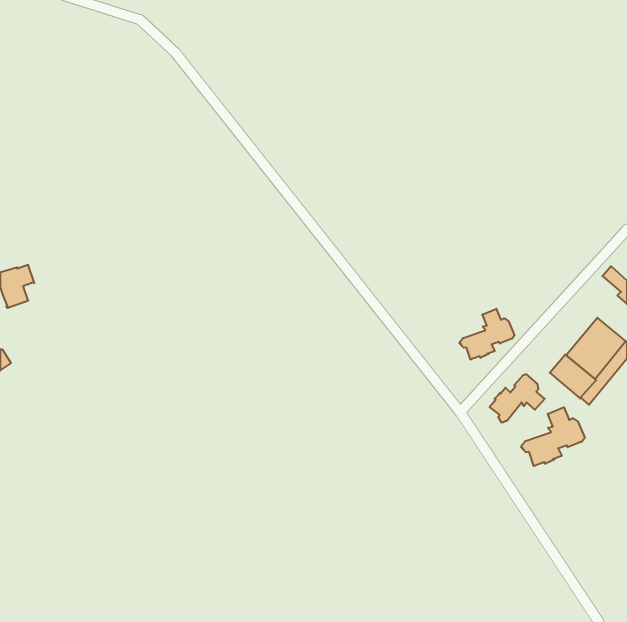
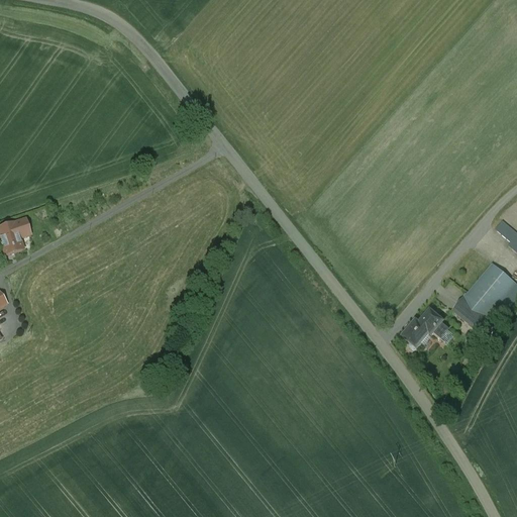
building: [460,309,515,360] -> none
building: [521,407,585,466] -> none

